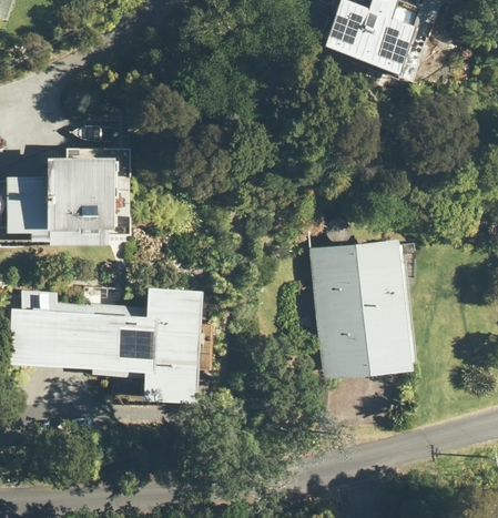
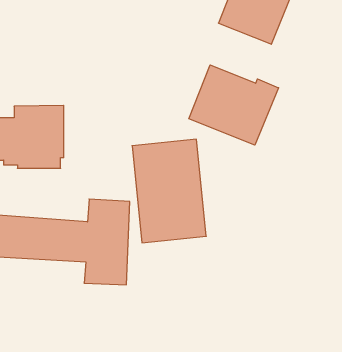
building: none -> [189,65,279,145]
building: [309,237,410,378] -> [132,139,206,243]

